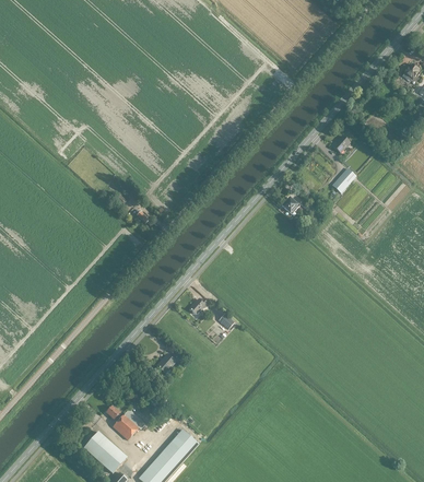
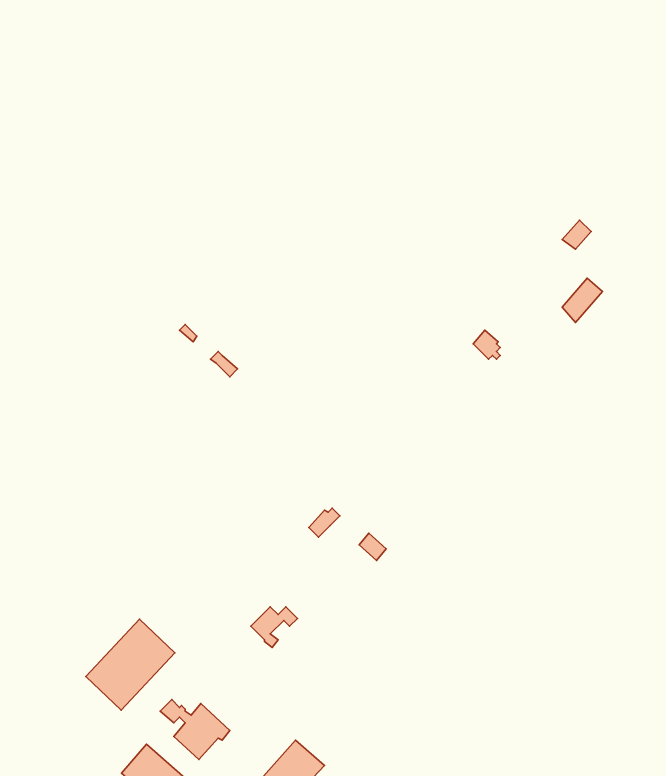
building: none -> [86,619,175,710]

